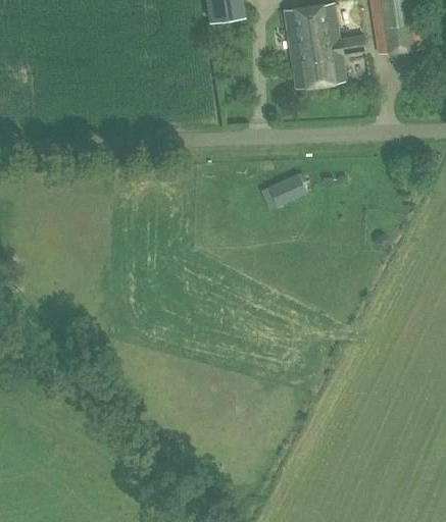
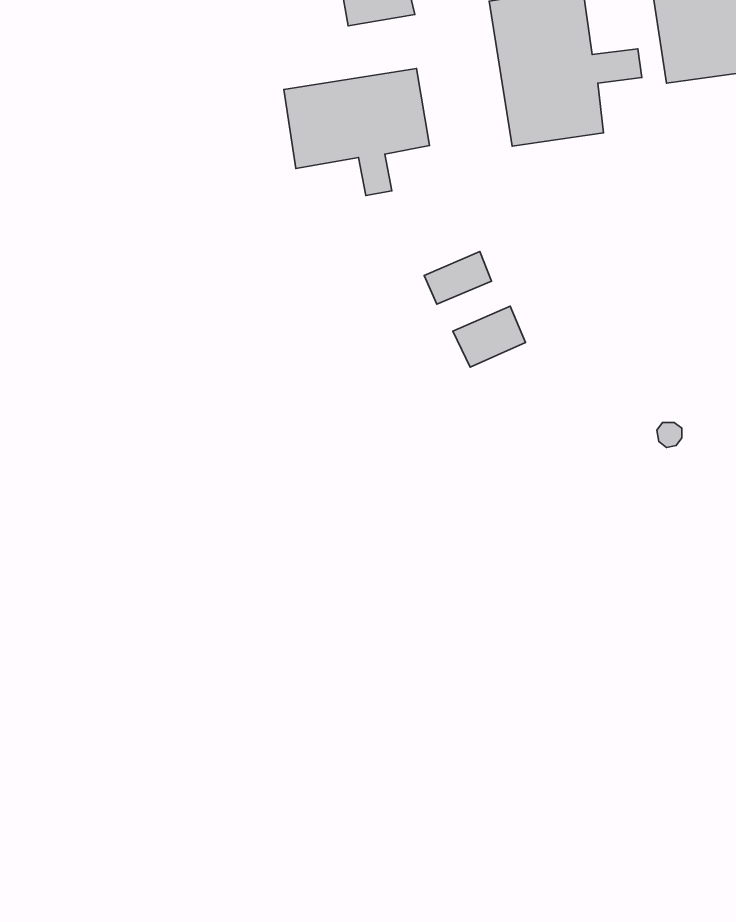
building: none -> [284,69,430,196]
building: none -> [424,251,491,304]

